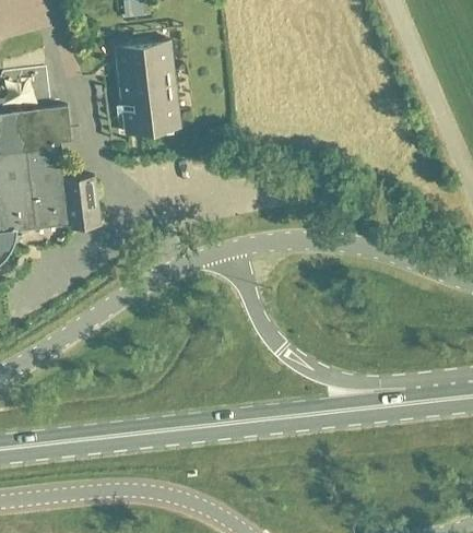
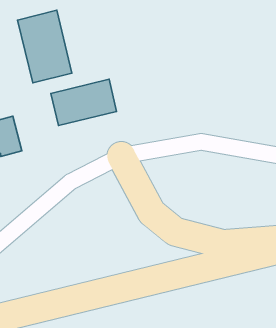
building: none -> [51,79,117,126]

